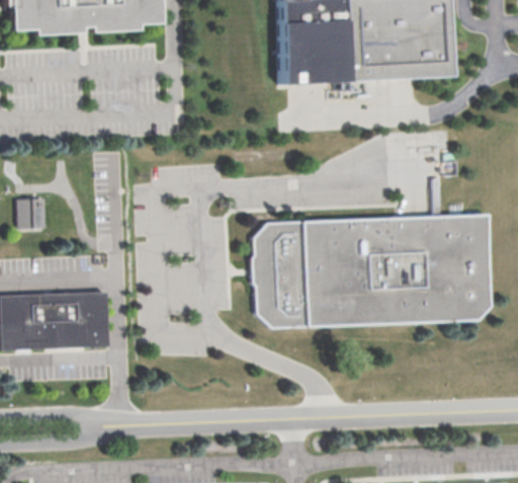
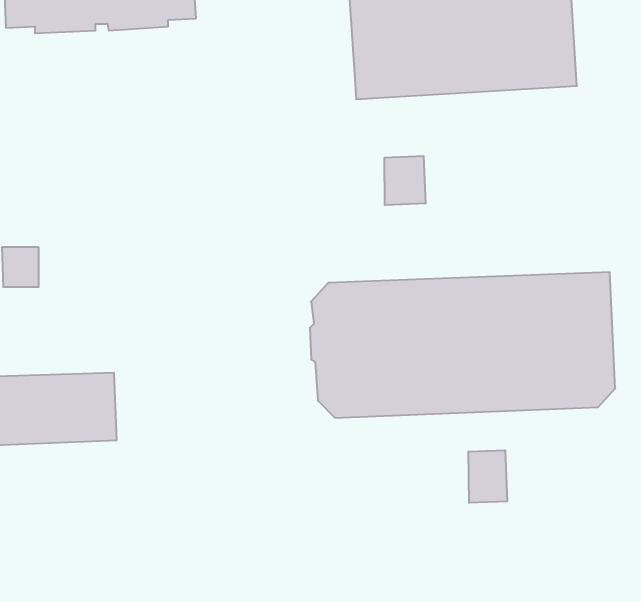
building: none -> [385,156,425,205]
building: none -> [468,450,507,503]

